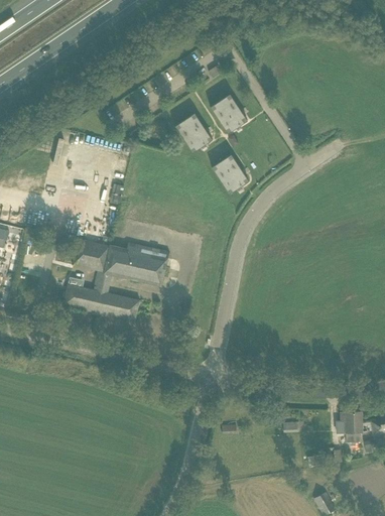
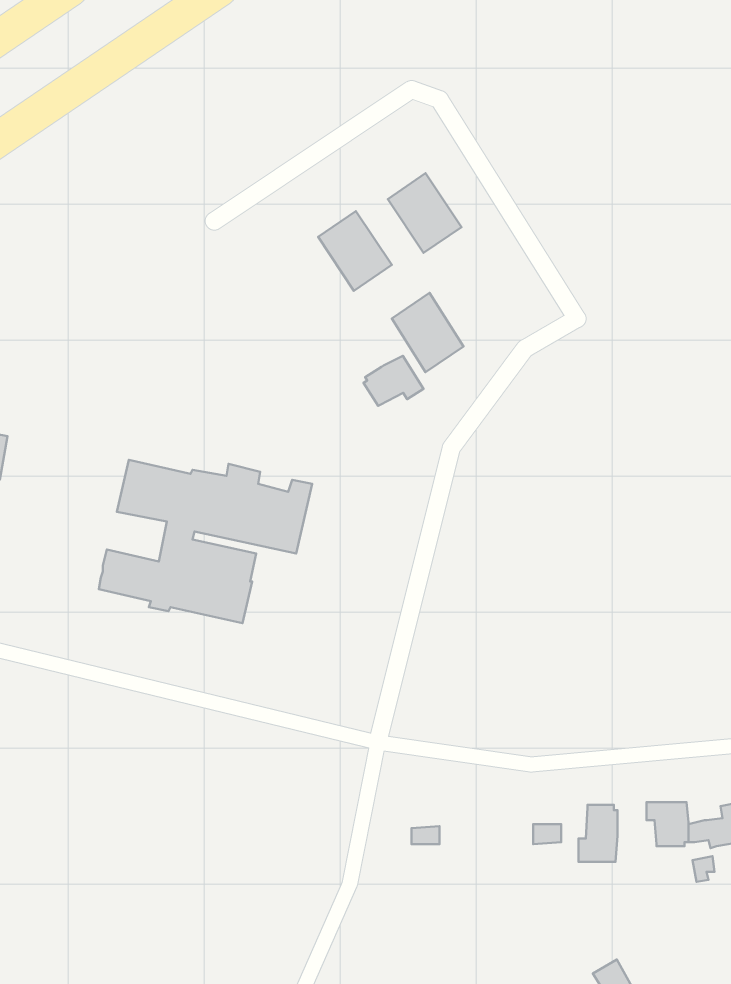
building: none -> [364,356,424,406]
building: none -> [578,805,617,862]

